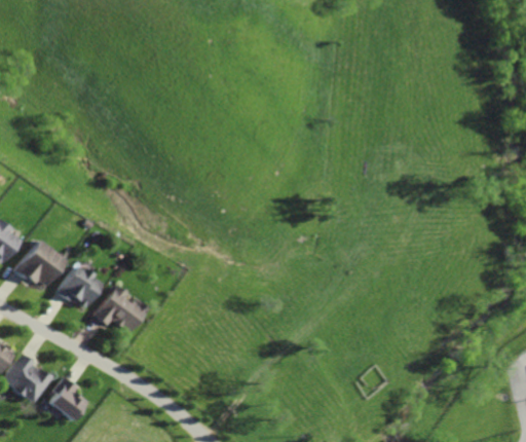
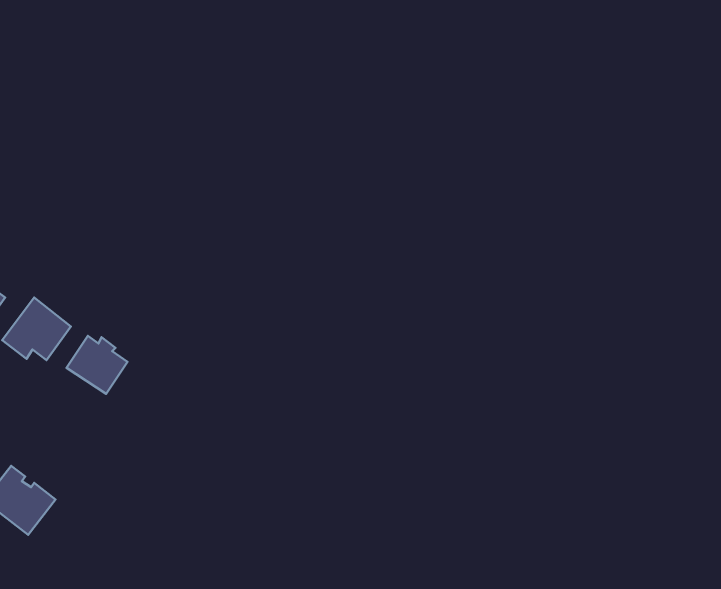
building: [95,287,148,332] -> none
building: [48,378,86,420] -> none

